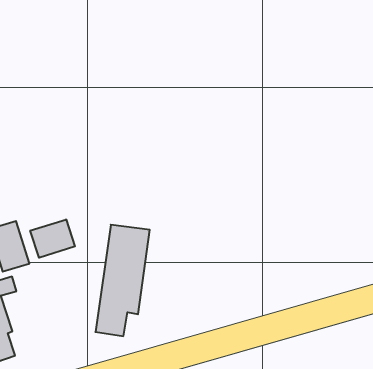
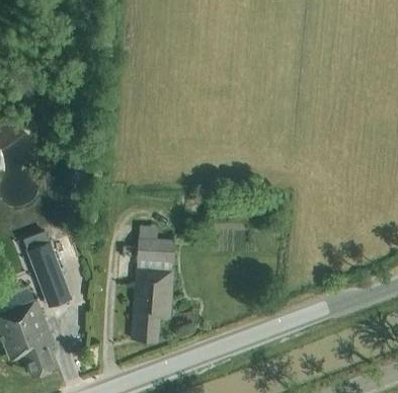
building: [30,219,75,258] -> none

